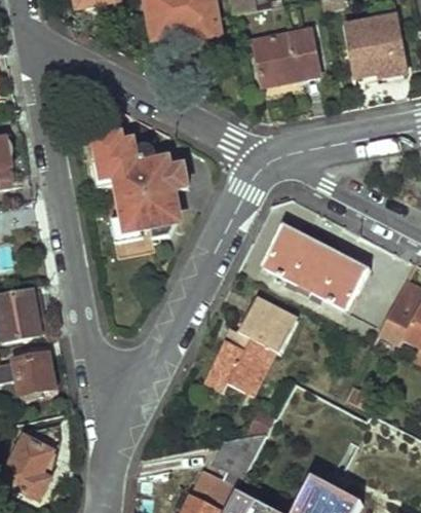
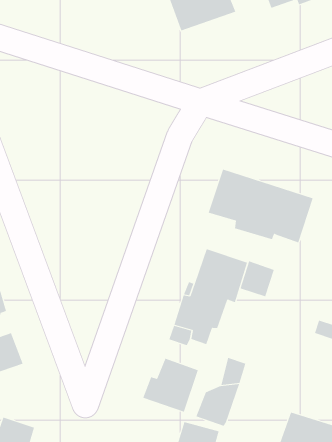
building: [91,125,185,234] -> none
building: none -> [240,260,274,297]
building: none -> [143,358,198,413]

